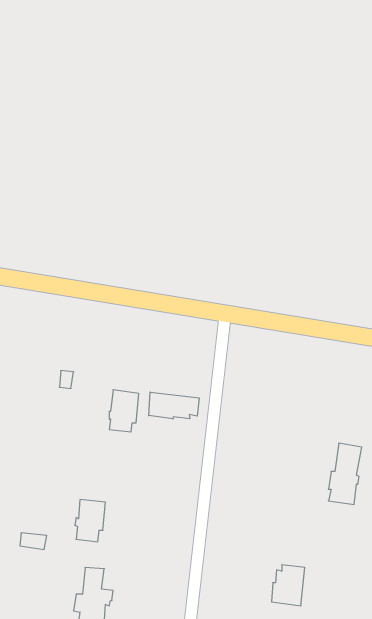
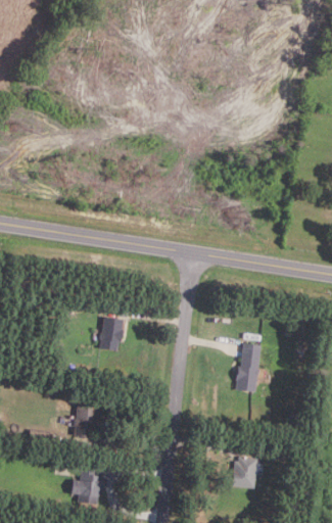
building: [149,392,199,419] -> none
building: [328,443,362,505] -> [235,342,262,391]

